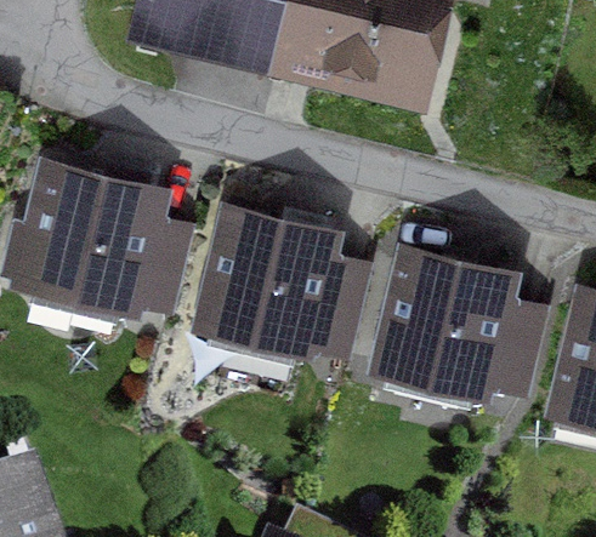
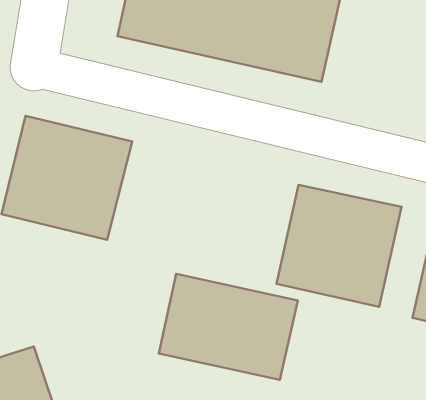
building: [193,204,353,358] -> none
building: none -> [159,274,298,380]

